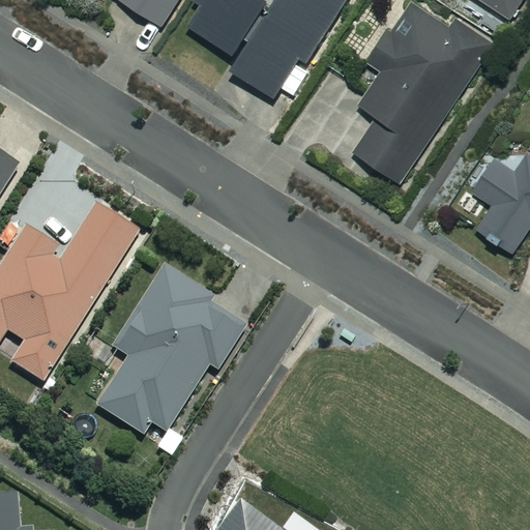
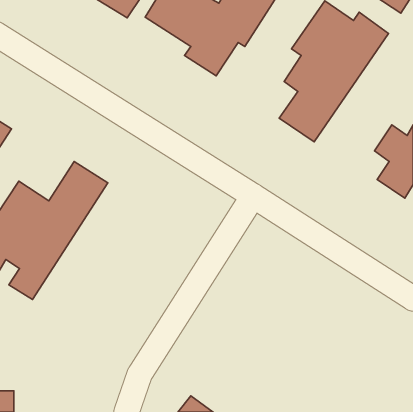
building: [96,266,245,435] -> none

